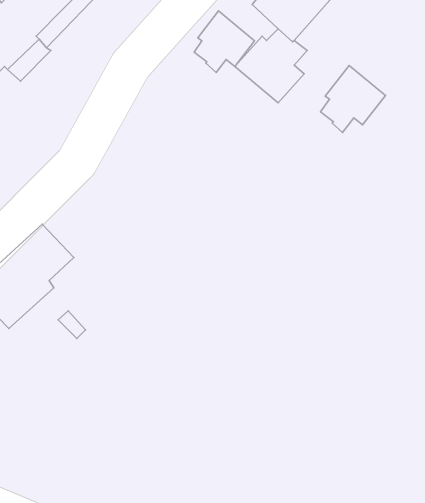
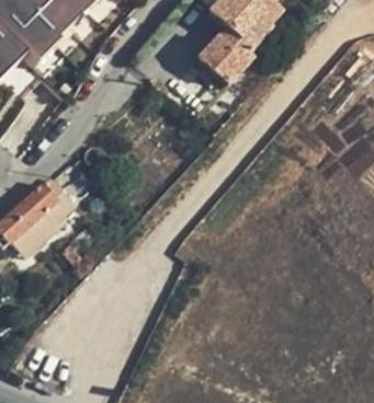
building: [194,11,255,72] -> none
building: [320,65,385,133] -> none

